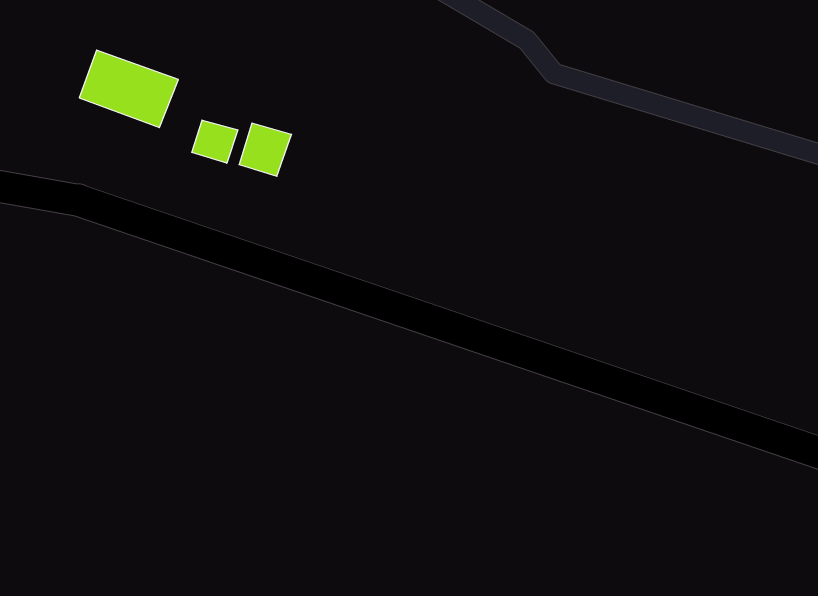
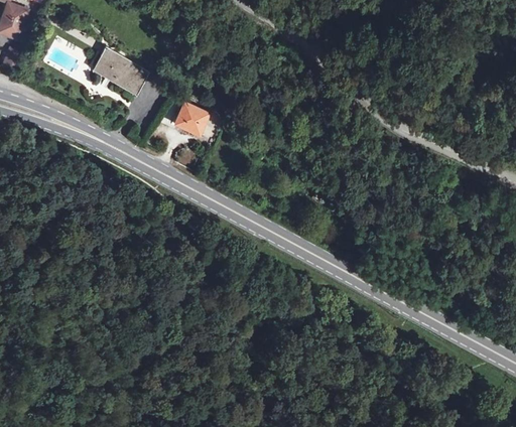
building: [192,120,238,163] -> none

